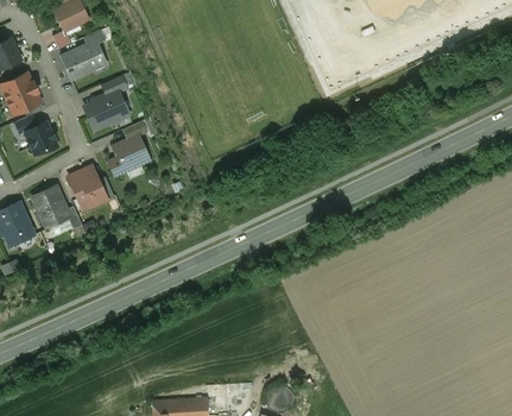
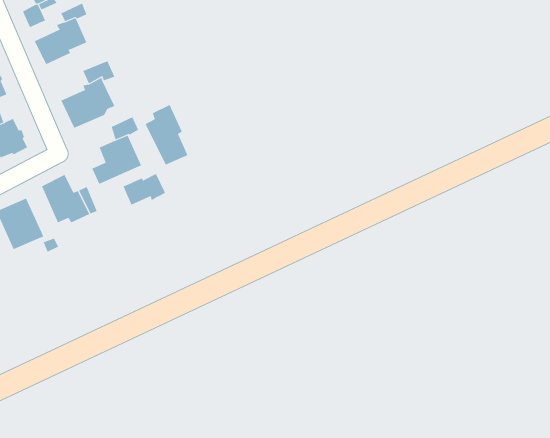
building: none -> [145,104,188,166]
building: none -> [123,173,165,206]

